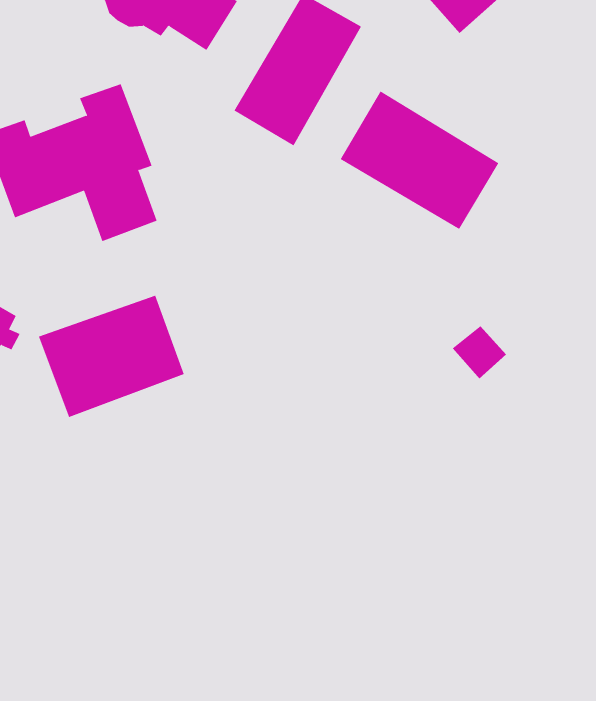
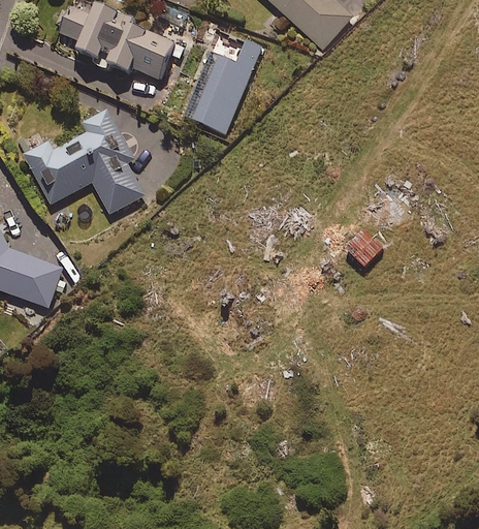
building: [340,90,499,230] -> none
building: [38,295,184,418] -> none

